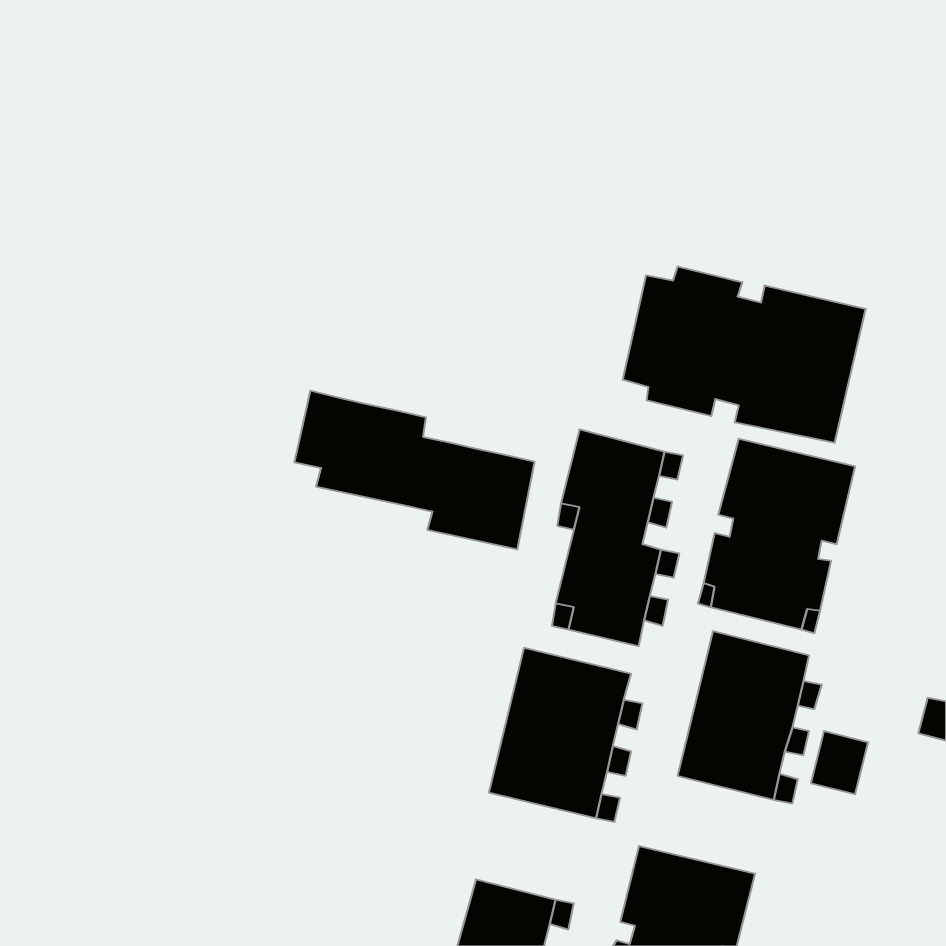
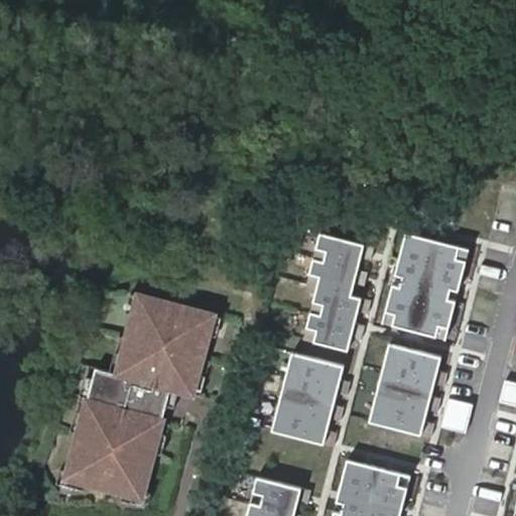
building: [623,266,866,443] -> none
building: [294,391,534,549] -> none
building: none -> [66,293,213,496]

